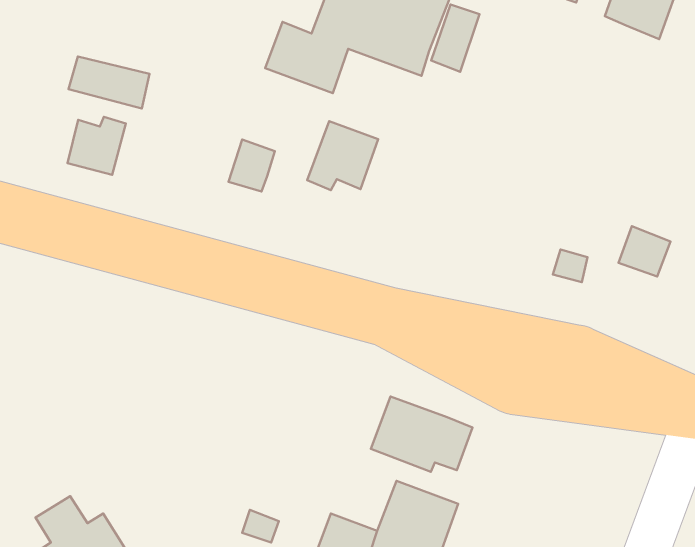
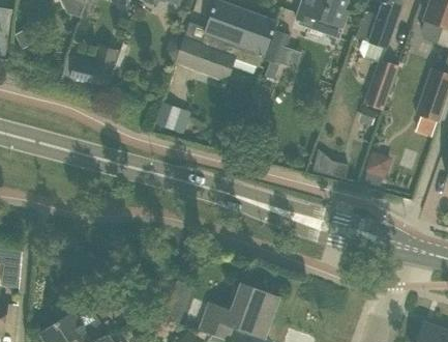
building: none -> [364,59,397,110]
building: [68,117,126,175] -> none
building: [307,121,378,190] -> none
building: [371,396,472,472] -> none

